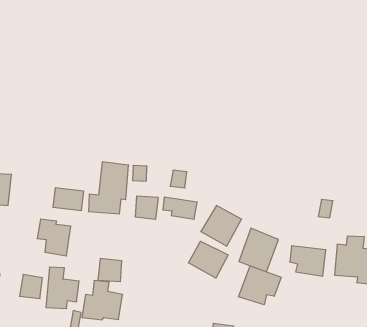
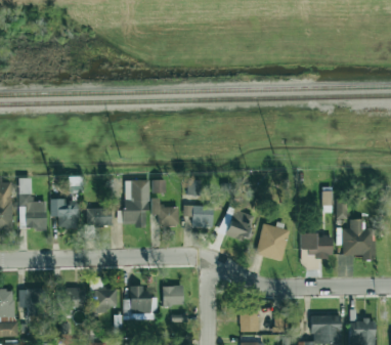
building: [37,219,71,256] -> [50,199,79,228]
building: [188,241,228,278] -> none
building: [98,258,122,282] -> [163,286,183,305]
building: [239,266,281,305] -> none

